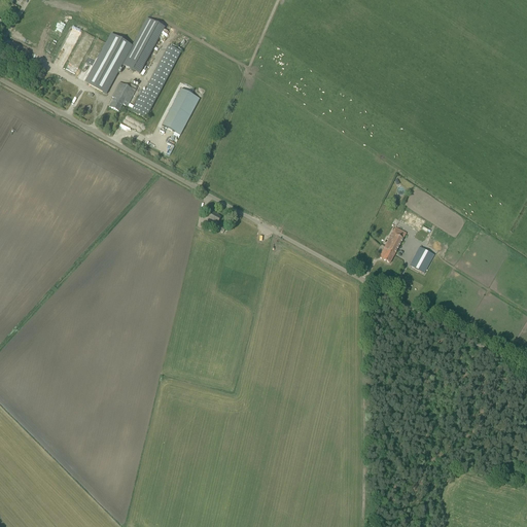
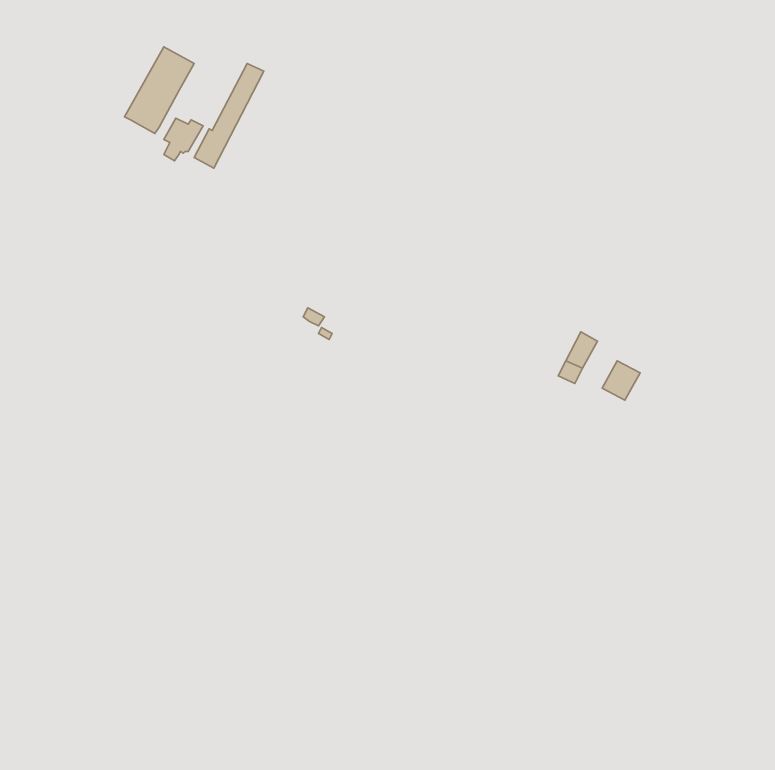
building: [121,15,165,72] -> none
building: [162,87,200,133] -> none

